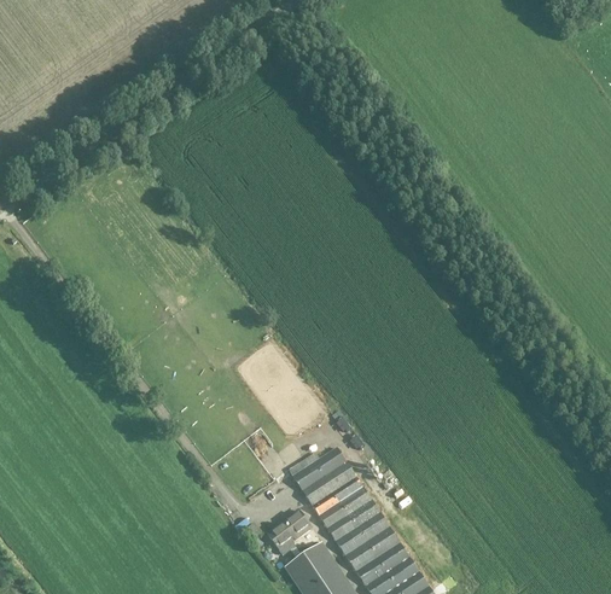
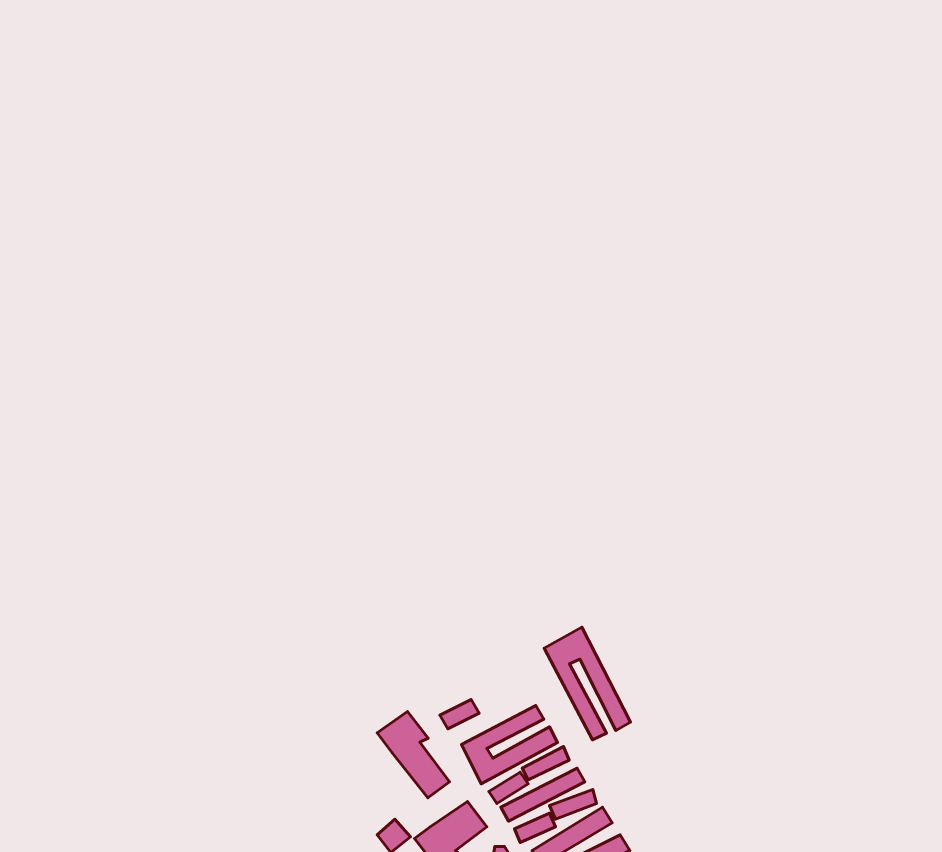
building: none -> [544,627,631,740]
building: none -> [377,711,450,798]

